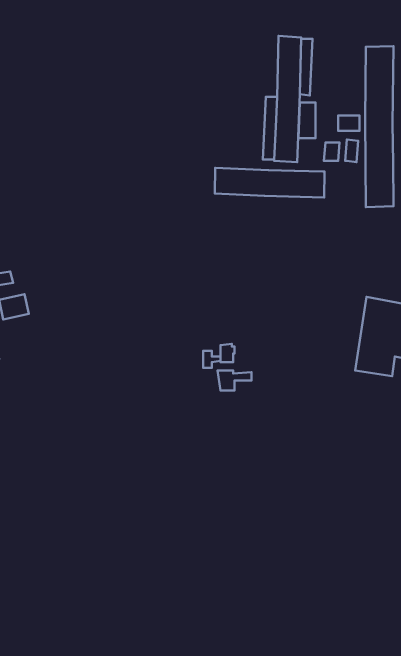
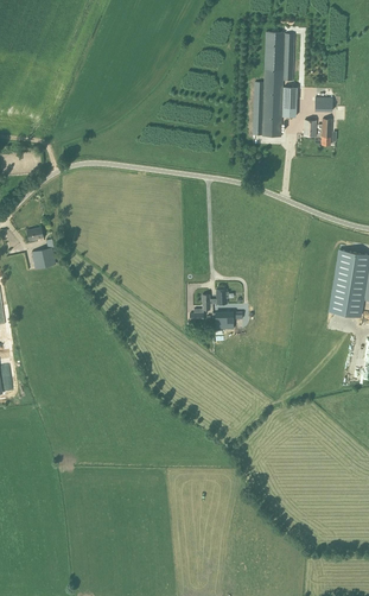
building: [365,46,393,207] -> none
building: [215,168,324,197] -> none

